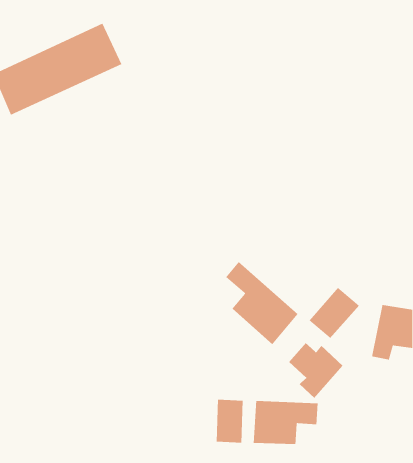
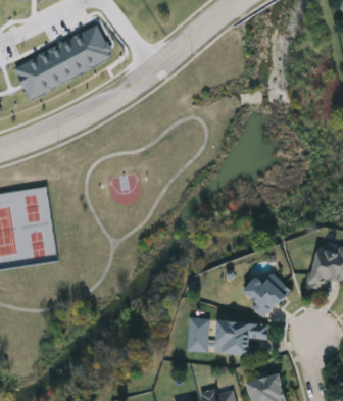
building: [225,261,298,345] -> none
building: [308,287,360,339] -> none

